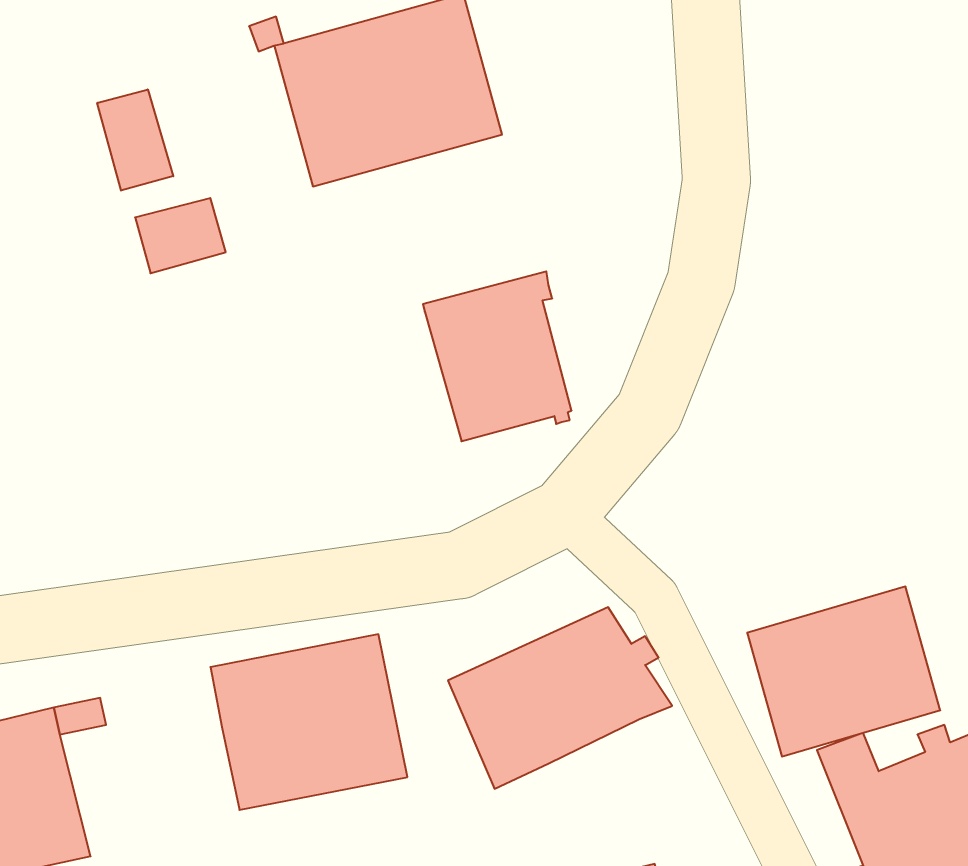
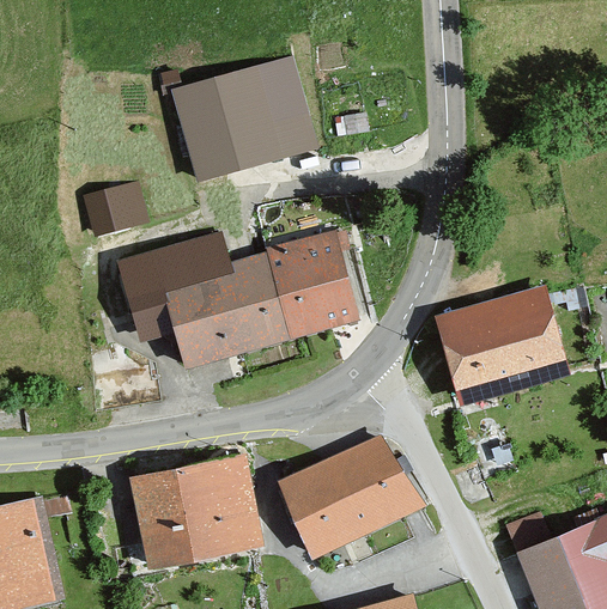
building: [97,89,173,191] -> none
building: none -> [119,236,289,365]
building: [747,587,940,757] -> [441,292,560,397]

